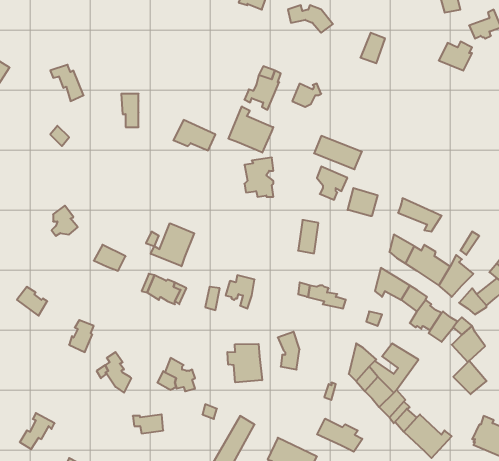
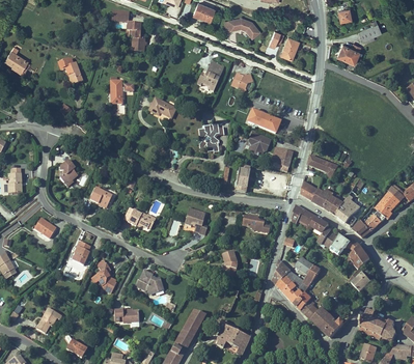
building: none -> [126,21,144,52]
building: [228,106,273,153] -> none
building: [151,223,194,266] -> none
building: [227,344,262,382] -> none
building: [317,419,362,452] -> none

